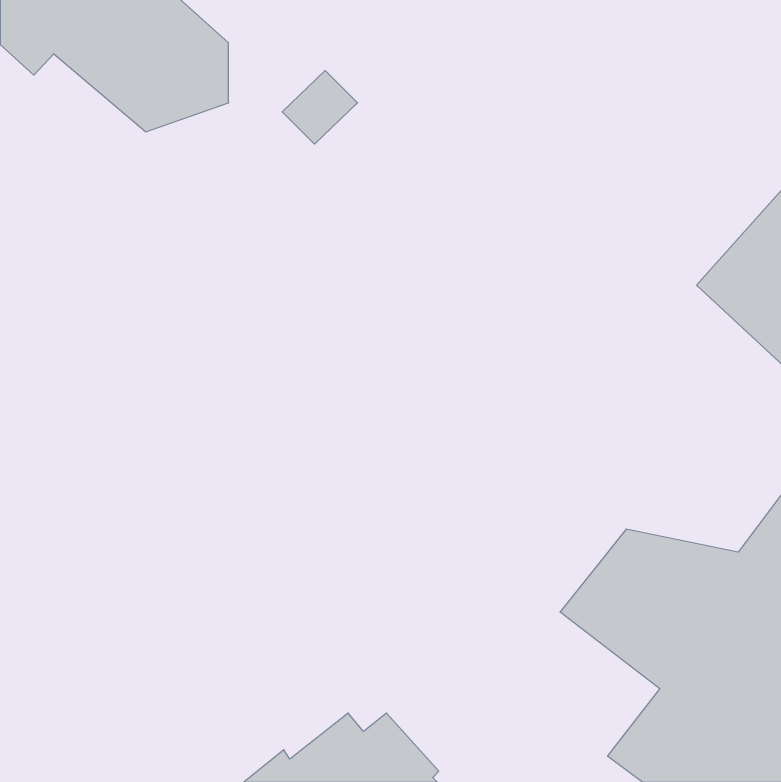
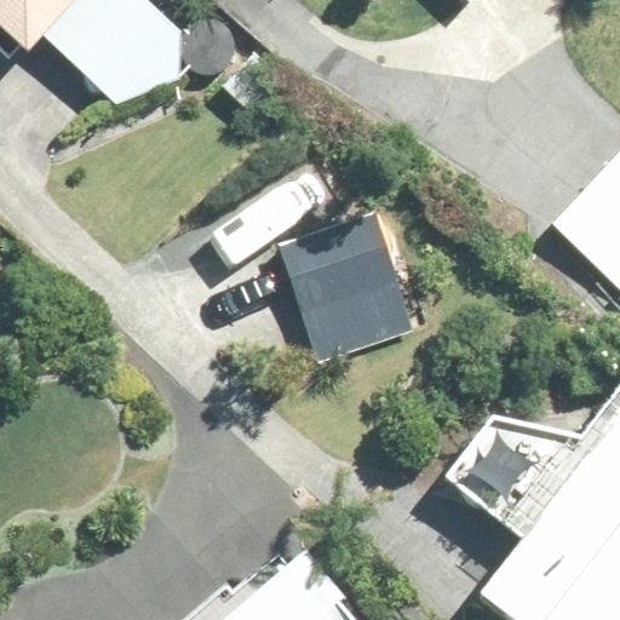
building: none -> [279,208,417,362]

